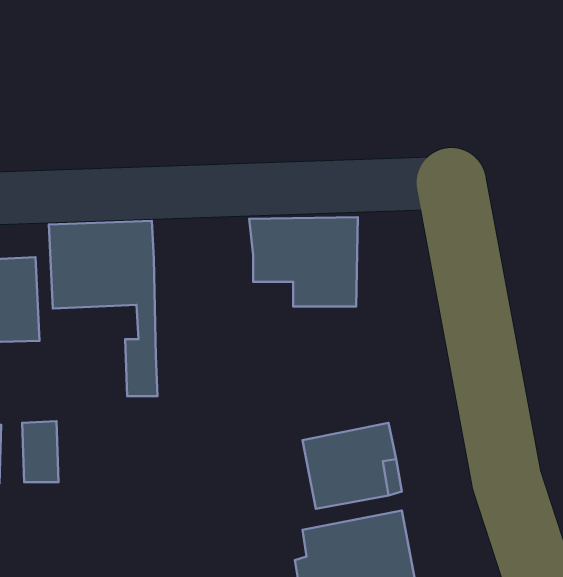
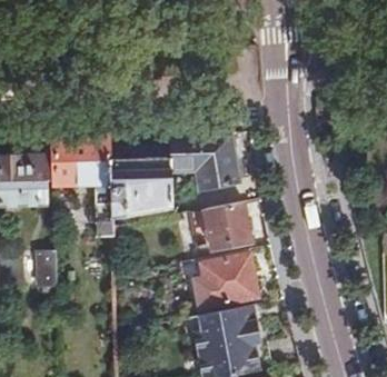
building: none -> [113,156,173,215]
building: none -> [205,201,251,251]

